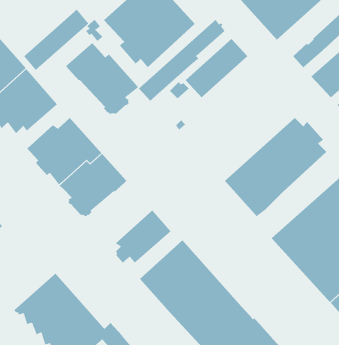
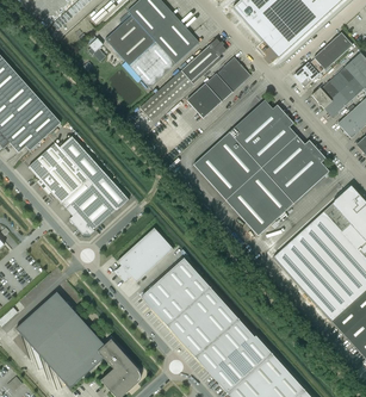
building: [23,9,89,71] -> none
building: [65,42,139,115] -> none
building: none -> [194,99,296,198]

